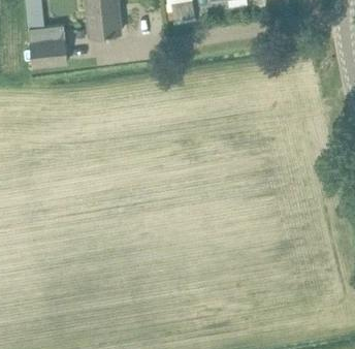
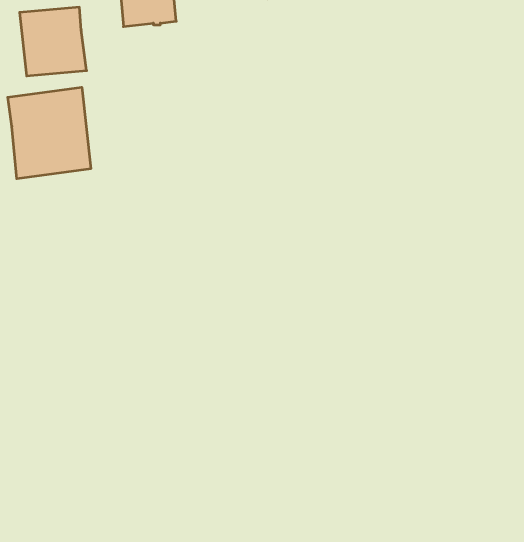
building: none -> [8,87,91,179]

